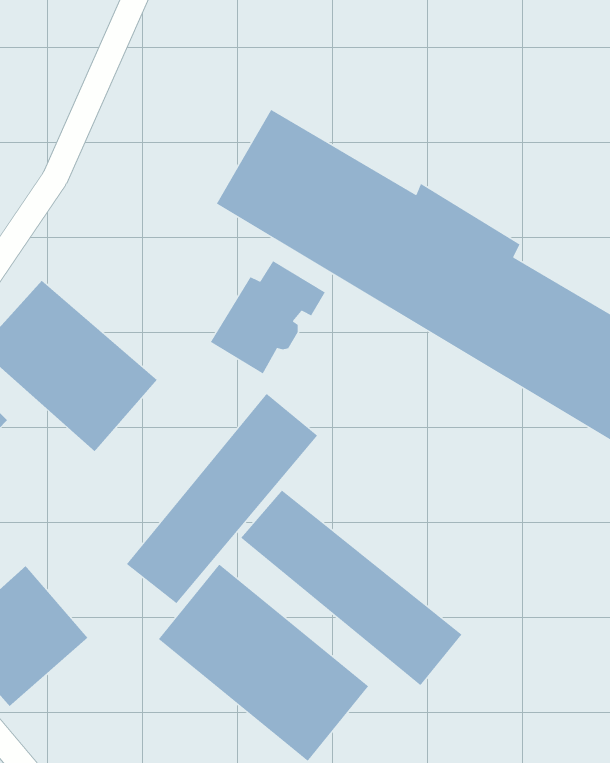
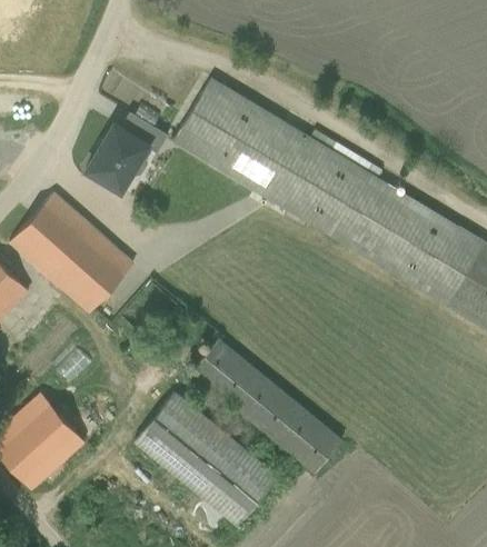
building: [210,260,326,374] -> [87,113,167,192]
building: [126,393,318,604] -> none

